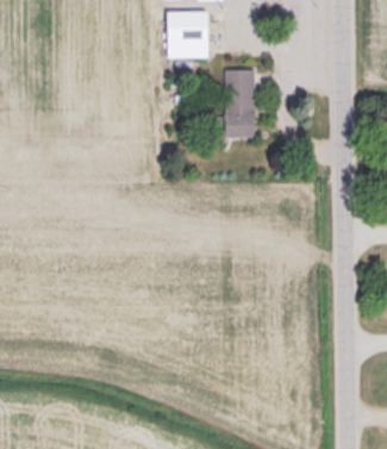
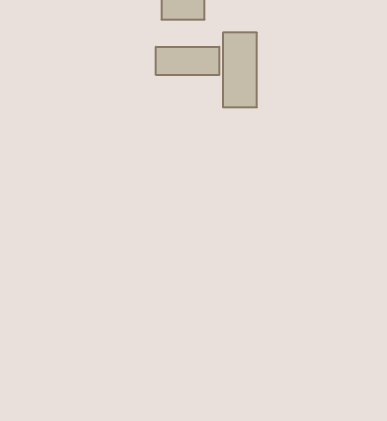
building: none -> [156,47,219,75]

